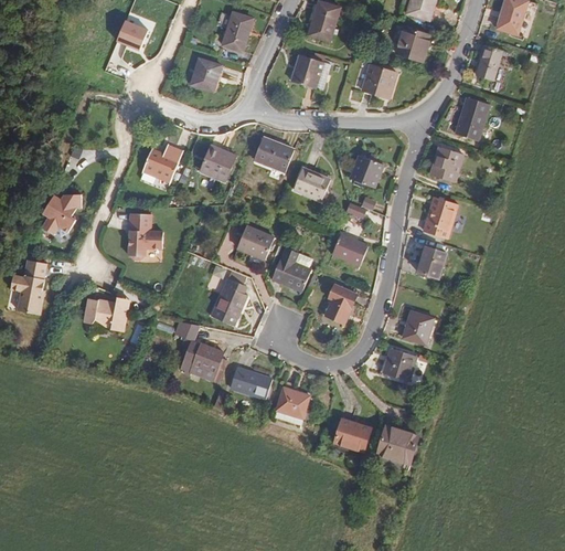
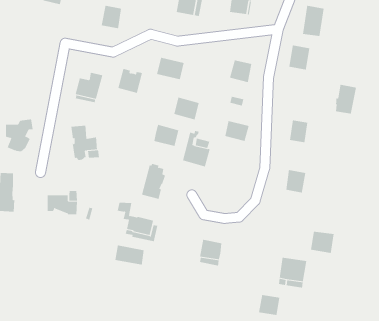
building: [294,167,330,201] -> [174,97,199,120]
building: [425,197,458,239] -> [335,84,357,114]
building: [326,284,356,325] -> none
building: [382,348,417,381] -> [310,231,335,253]
building: [230,367,271,399] -> [114,245,145,265]
building: [334,418,366,449] -> [258,294,280,315]

